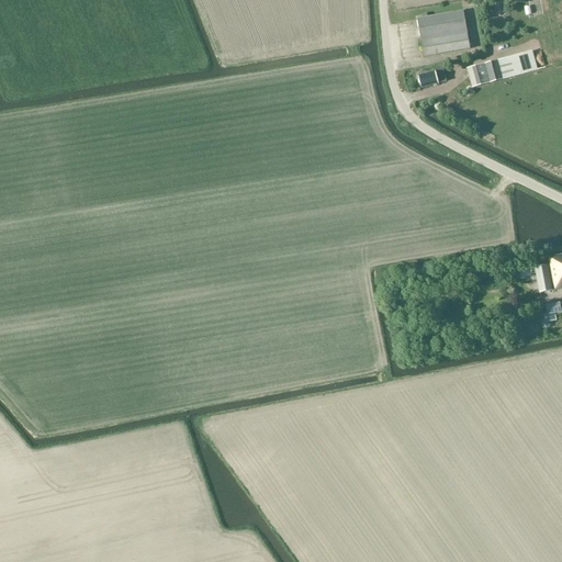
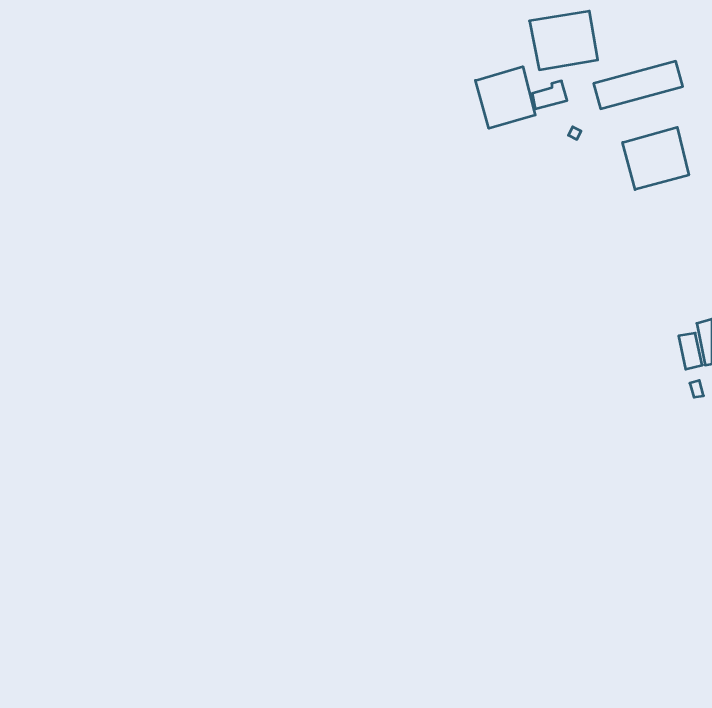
building: none -> [475,67,535,128]
building: none -> [623,127,689,190]

